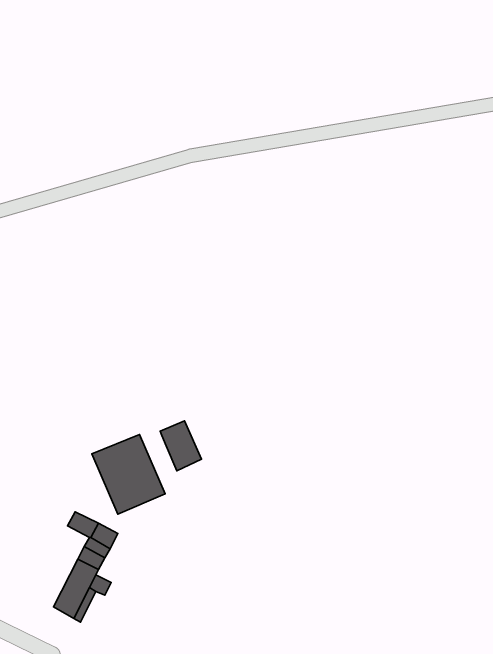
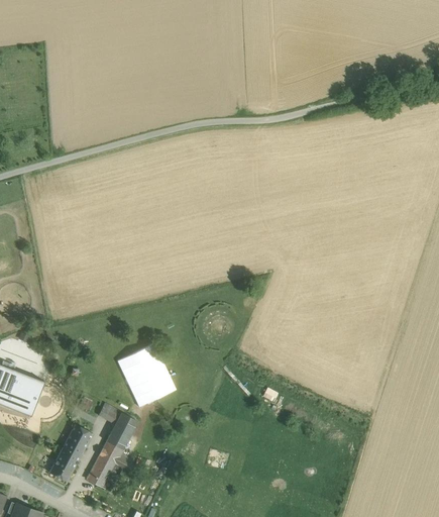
building: [160,421,201,471] -> none
building: none -> [49,424,92,482]

